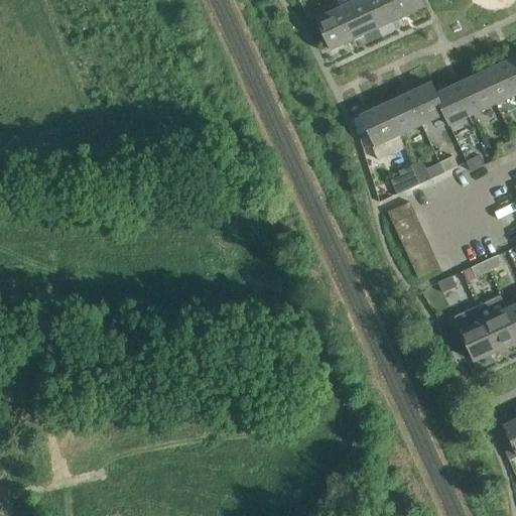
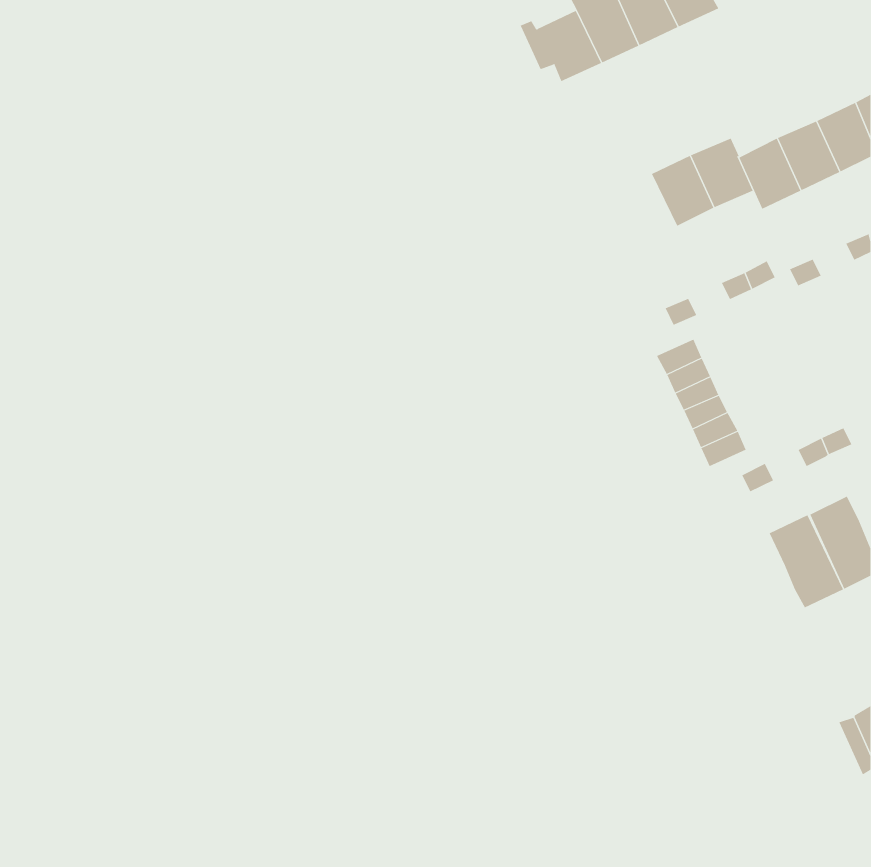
building: [362,103,400,144] -> none

